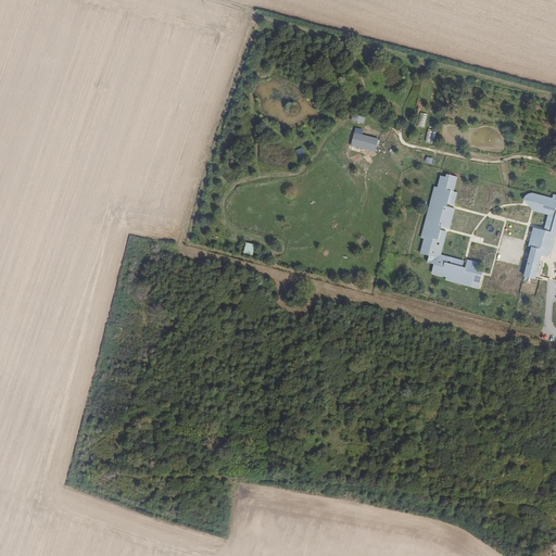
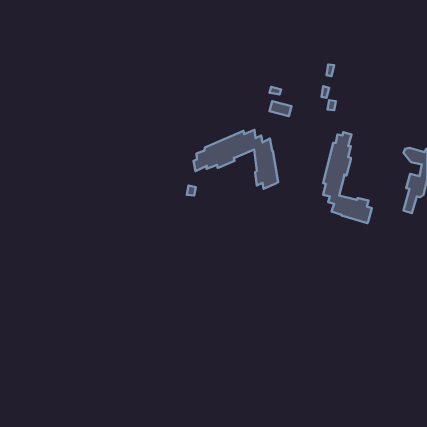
building: none -> [194,130,278,189]

